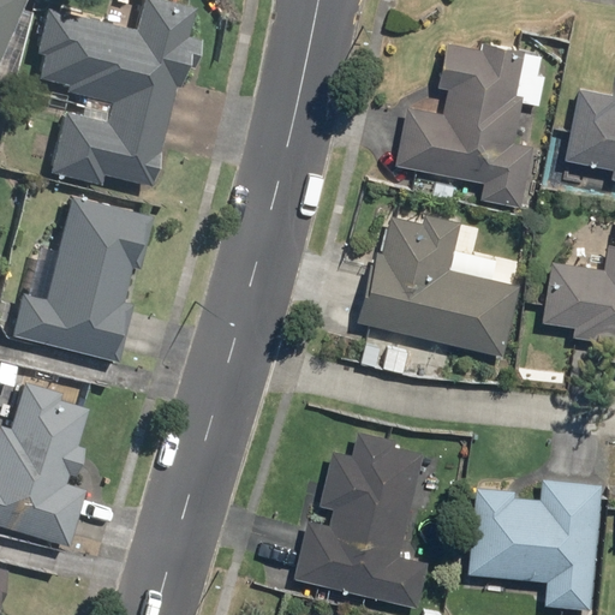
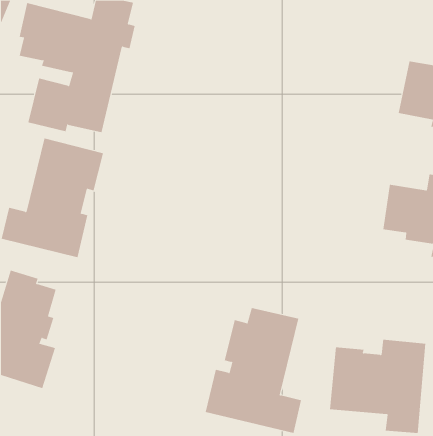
building: [396,43,548,210] -> none
building: [358,207,527,359] -> none

